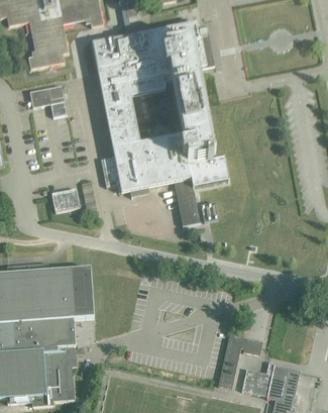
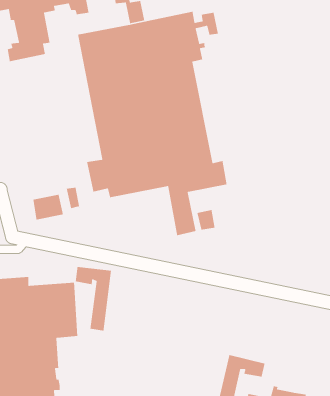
building: [29,85,67,116] -> none
building: none -> [75,266,112,331]

